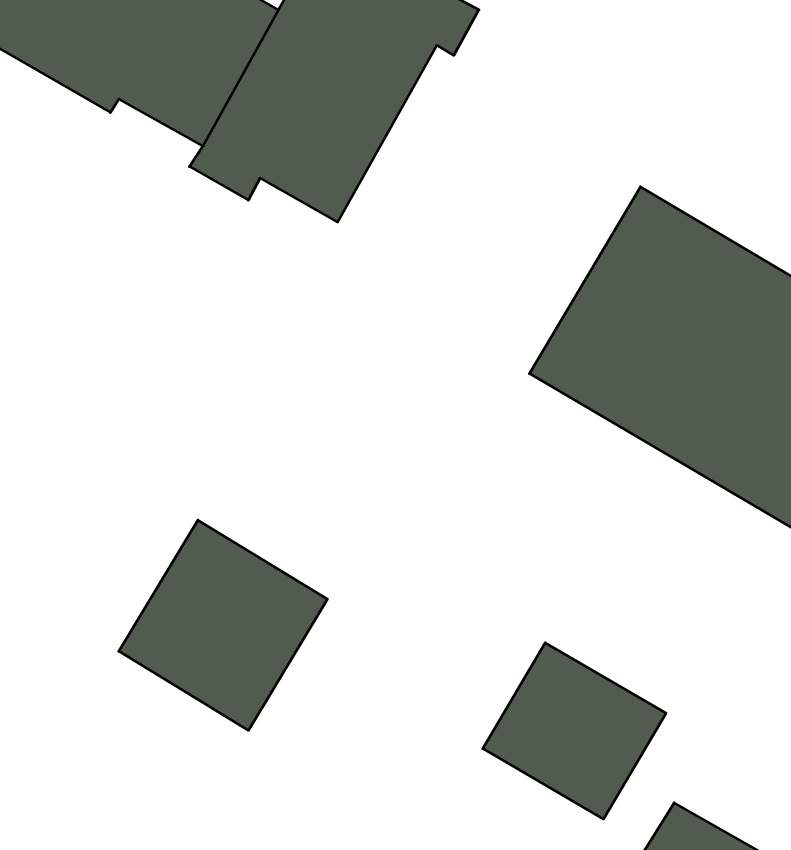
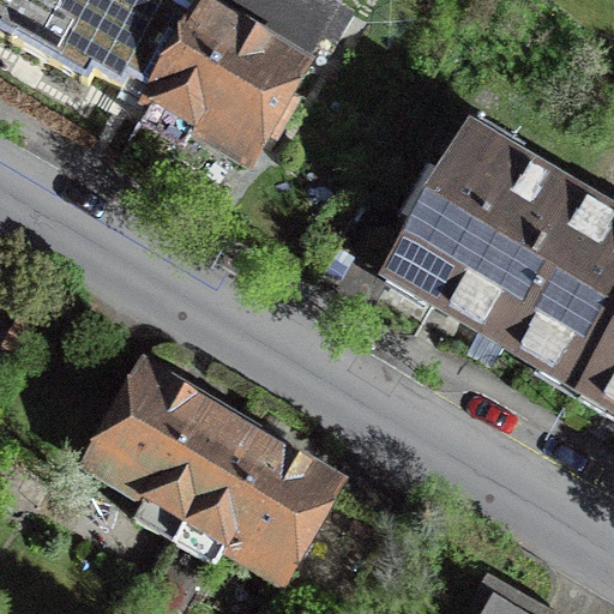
building: none -> [187,428,336,577]
building: [483,643,666,819] -> none

